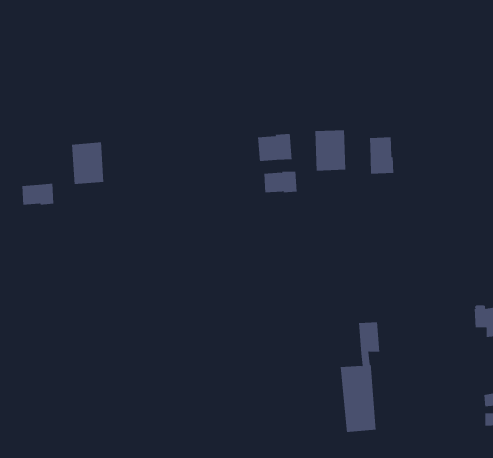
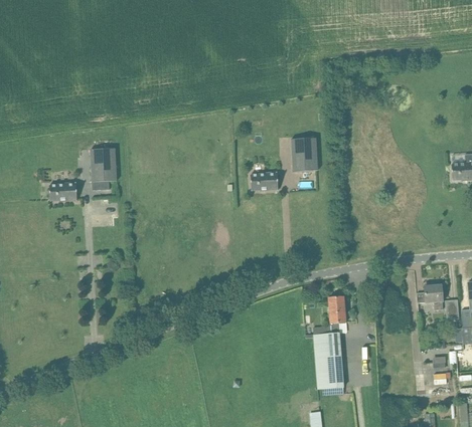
building: [258,133,292,162] -> none
building: [369,137,394,175] -> none

